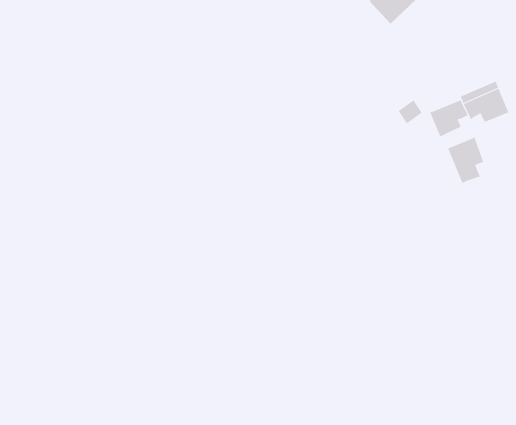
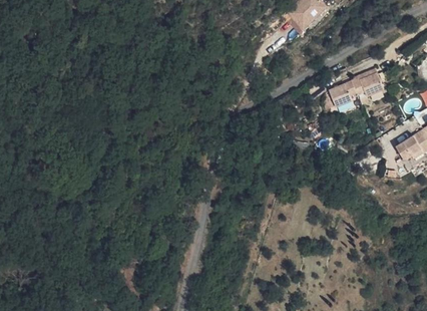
building: [447,137,484,184] -> none

